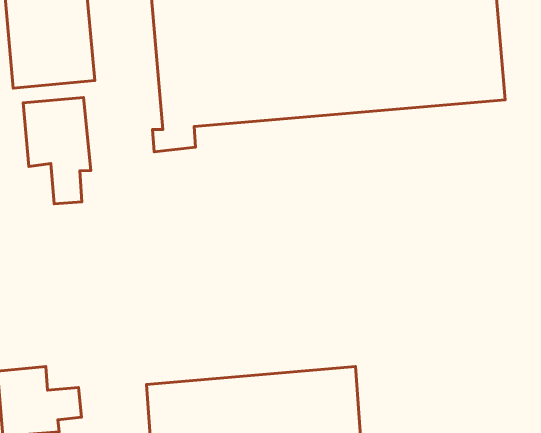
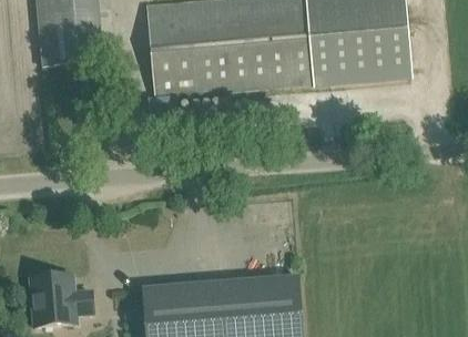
building: [23,97,91,204] -> none

